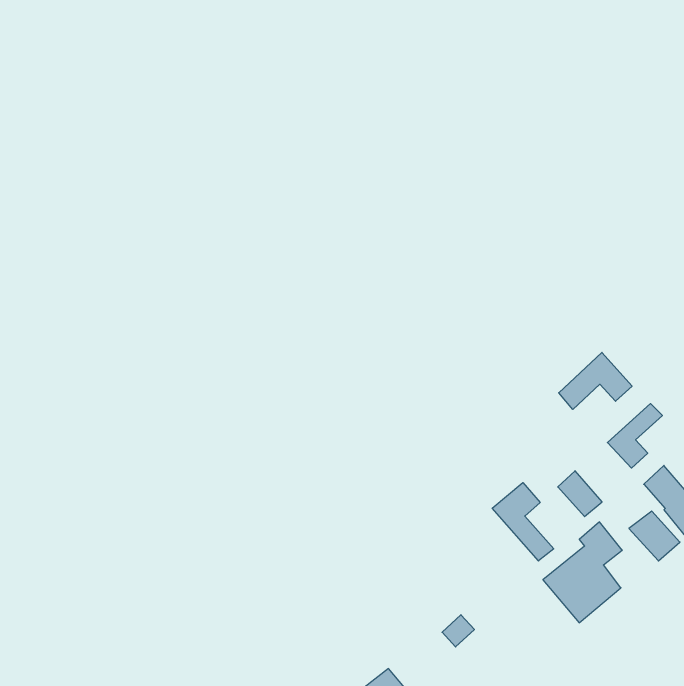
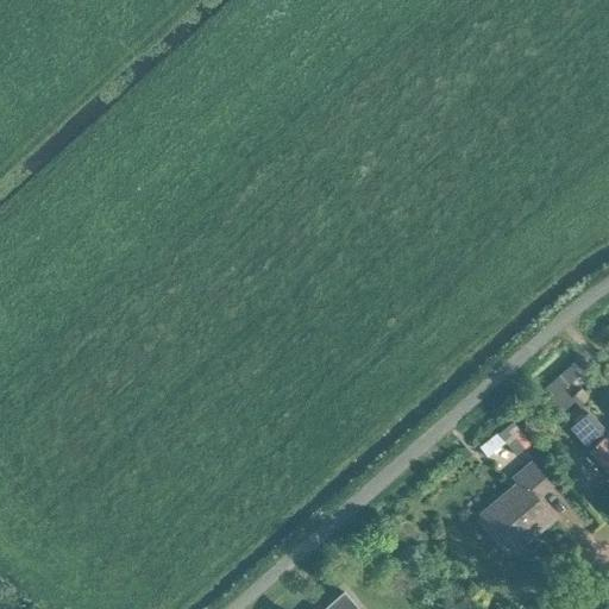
building: [559,352,632,409] -> none
building: [492,483,554,561] -> none

